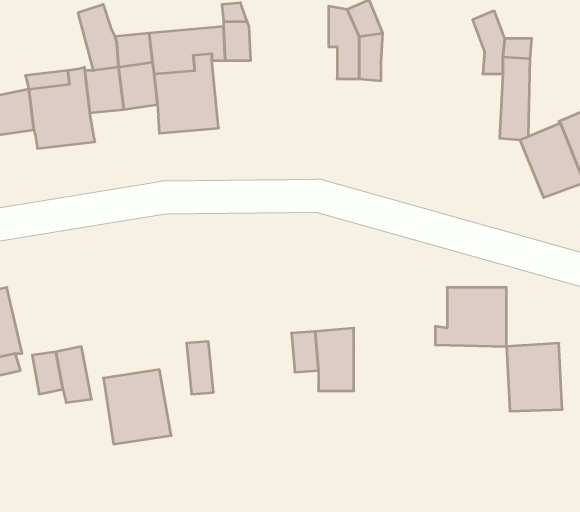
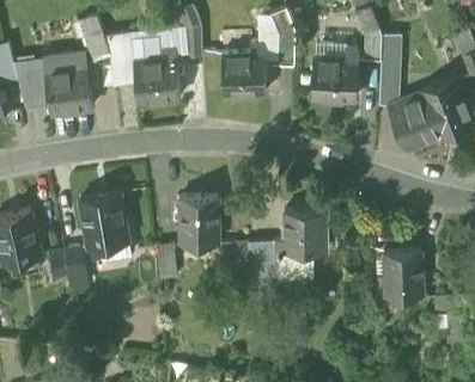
building: none -> [223,41,266,94]
building: none -> [313,48,358,100]
building: none -> [181,197,220,245]
building: [435,287,506,347] -> [276,211,327,253]
building: [103,370,171,444] -> [81,195,129,247]

